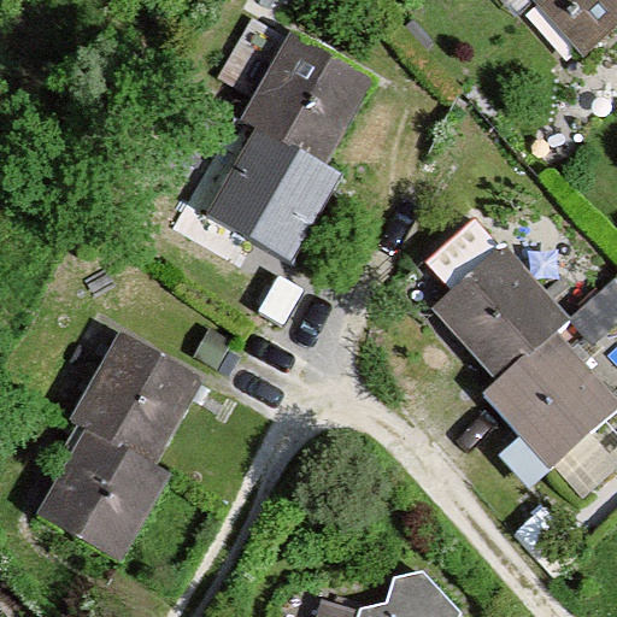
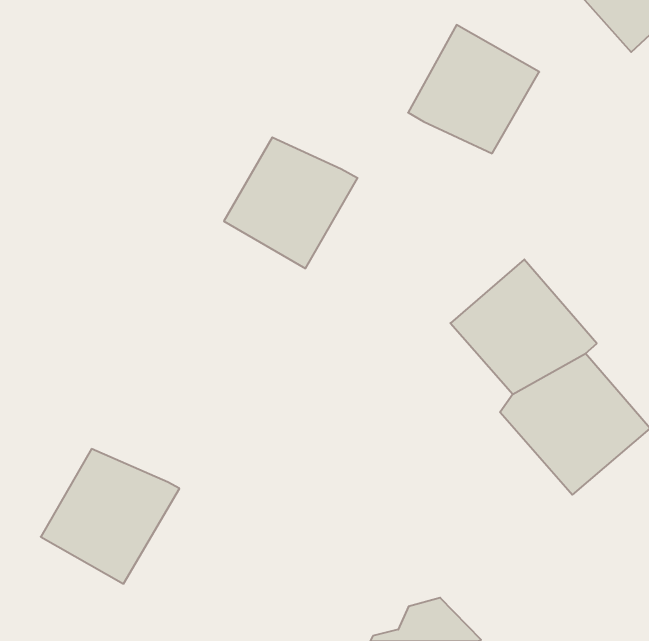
building: [245,39,369,160] -> [408,25,539,153]
building: [75,343,199,457] -> none

